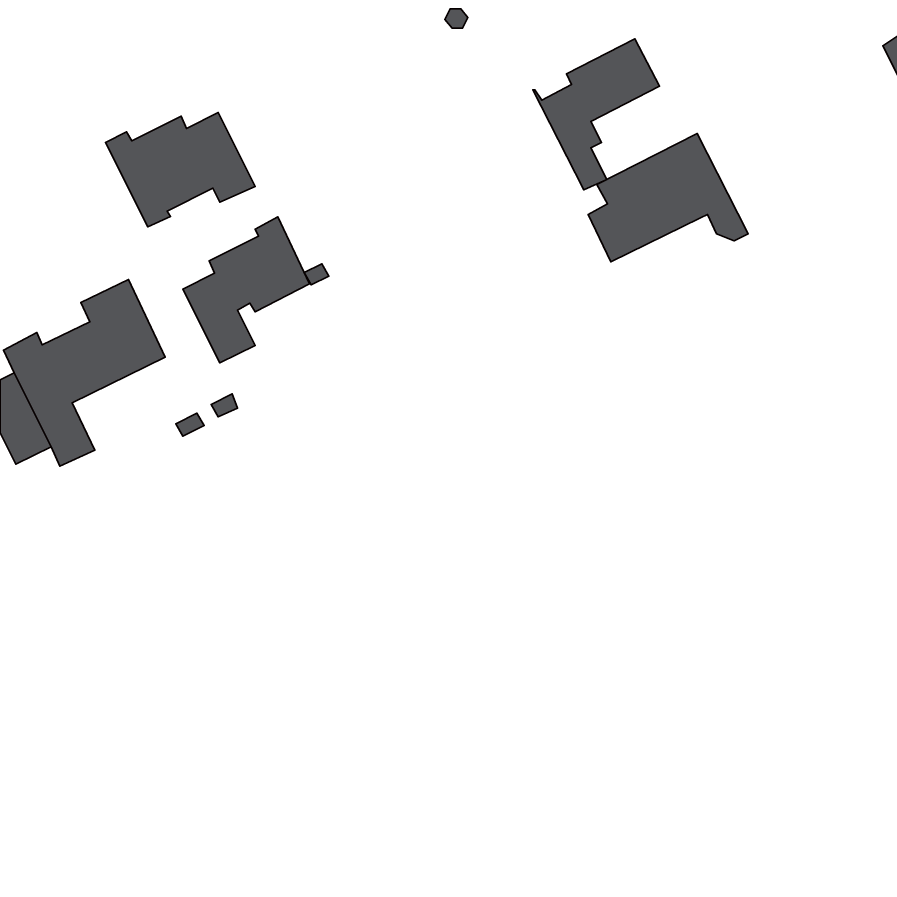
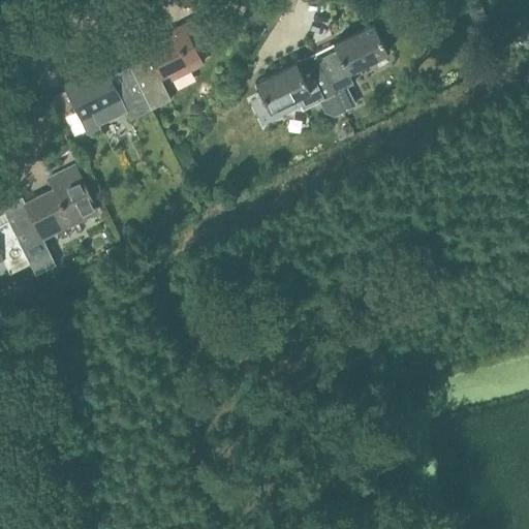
building: [588,133,748,262] -> [250,54,344,129]
building: [183,217,310,363] -> [129,25,204,111]

